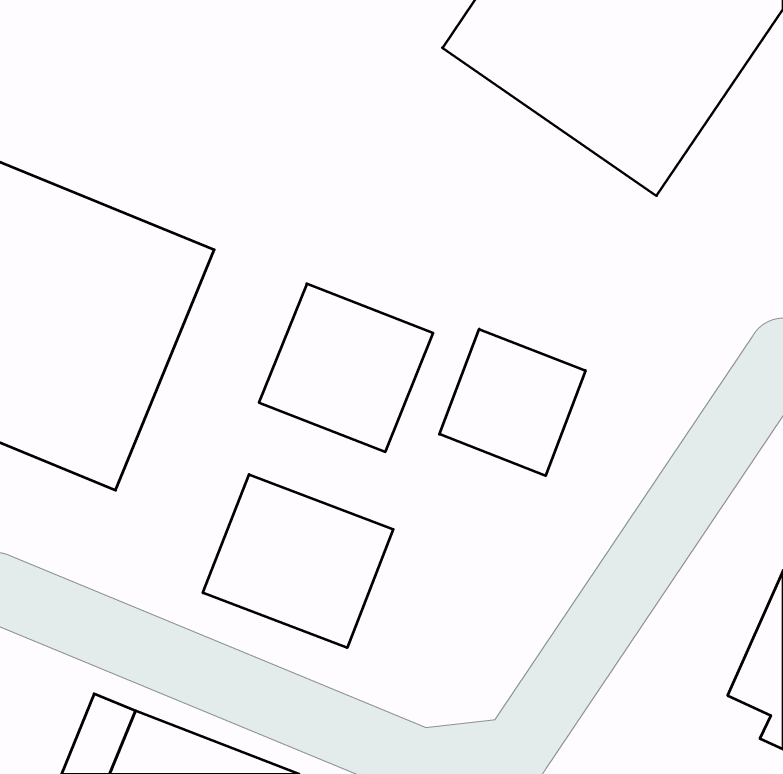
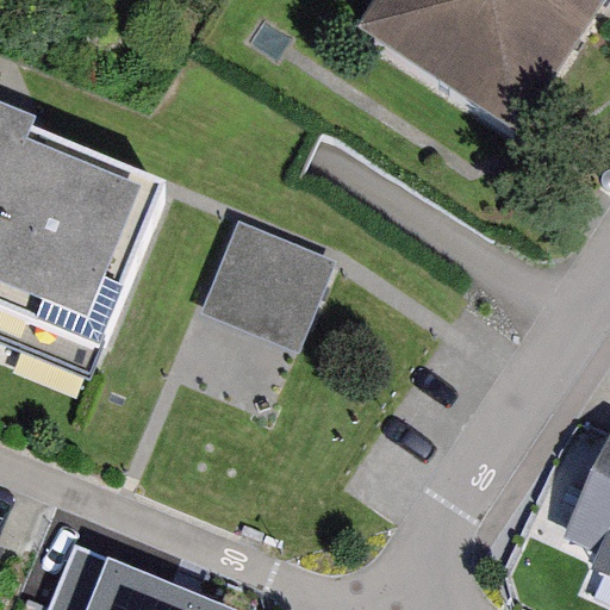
building: [439,329,585,476] -> none
building: [203,474,393,648] -> none

